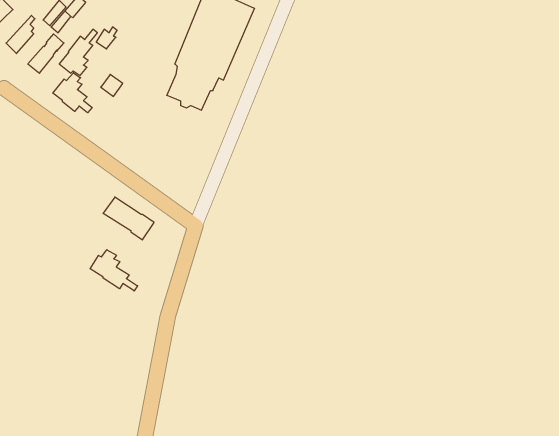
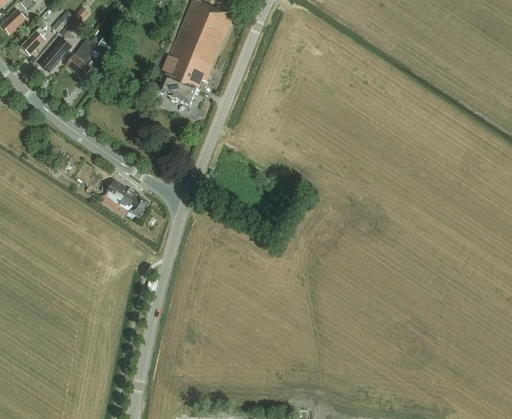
building: [53,73,92,113] -> none
building: [90,250,138,291] -> none

